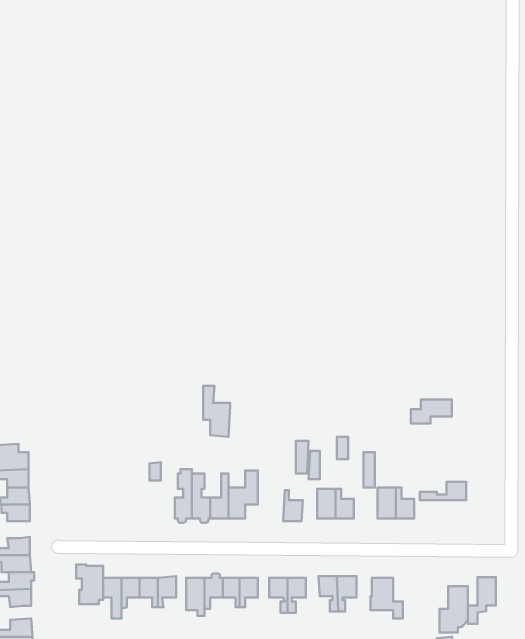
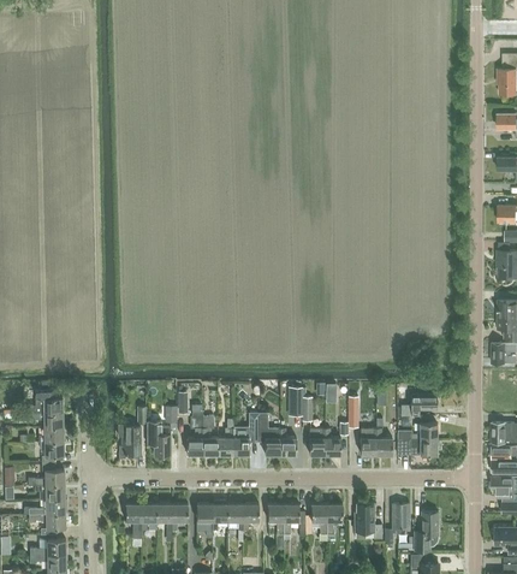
building: [203,386,230,437] -> [258,413,281,456]
building: [411,399,452,423] -> [402,395,436,415]
building: none -> [147,421,171,455]
building: none -> [397,438,436,455]
building: [76,565,103,604] -> [118,425,141,458]
building: [468,577,496,624] -> [385,504,409,544]

